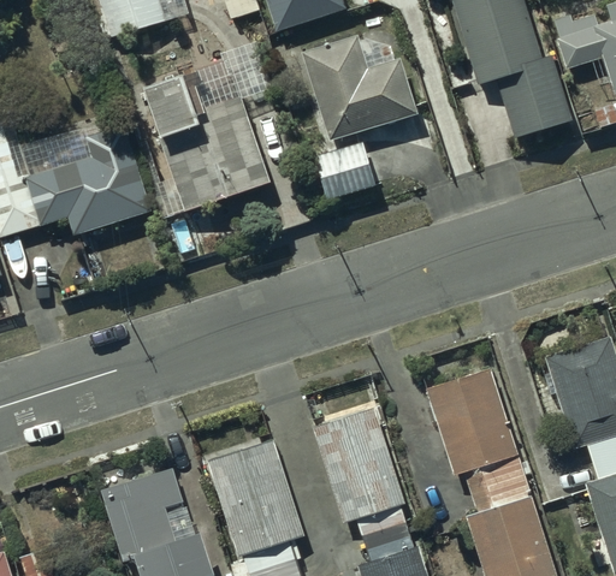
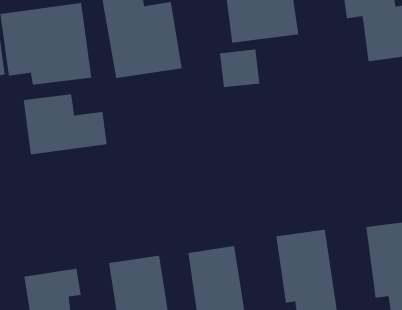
building: none -> [23,93,107,155]

